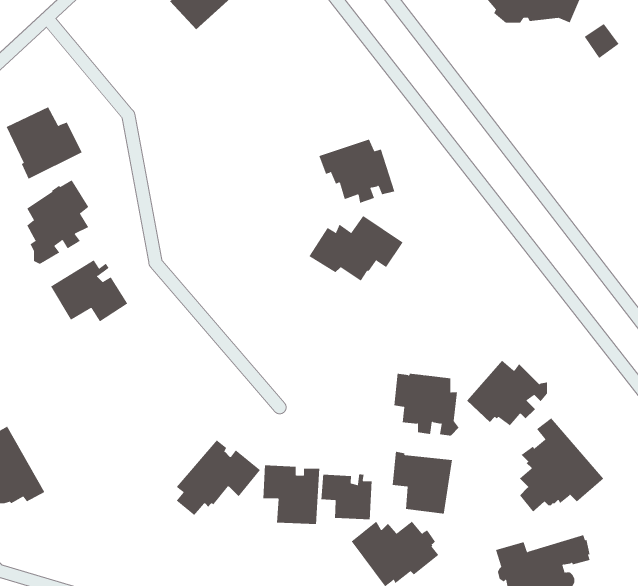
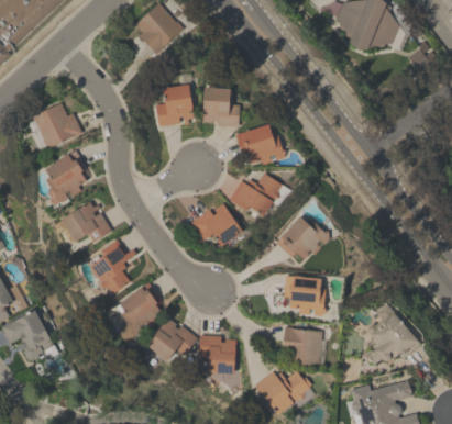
building: none -> [155,85,194,126]
building: none -> [202,87,240,127]
building: none -> [191,203,243,247]
building: none -> [90,239,136,294]
building: [466,360,548,426] -> [276,216,329,259]
building: none -> [117,282,163,344]
building: [321,474,372,520] -> none

